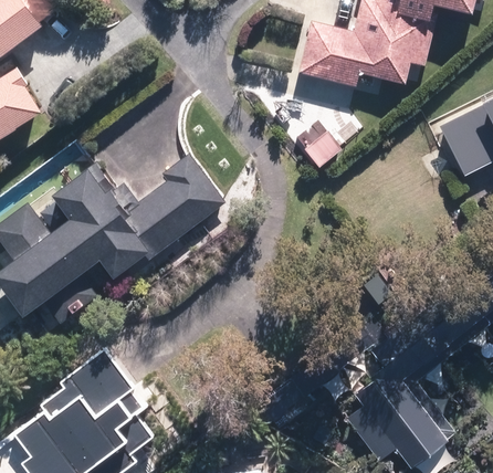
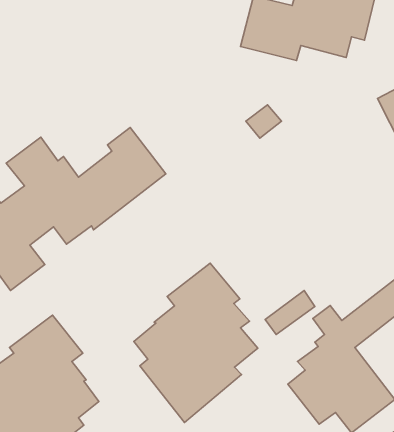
building: none -> [134,263,258,422]

